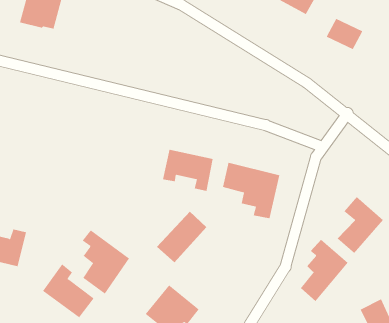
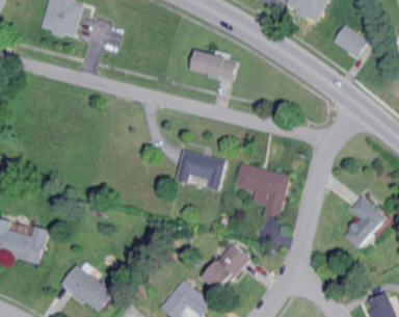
building: none -> [191,51,239,81]
building: [156,211,207,263] -> [202,243,250,293]
building: [82,230,130,295] -> none
building: [300,239,349,302] -> none

